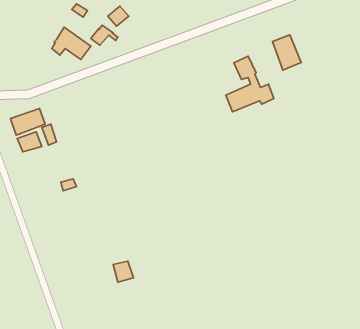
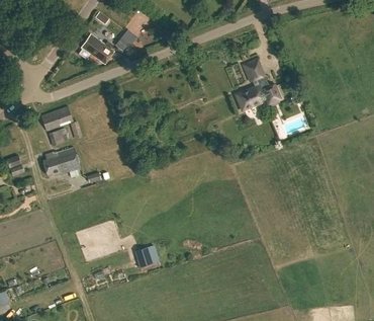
building: [273,35,301,70] -> none
building: none -> [42,149,81,176]

